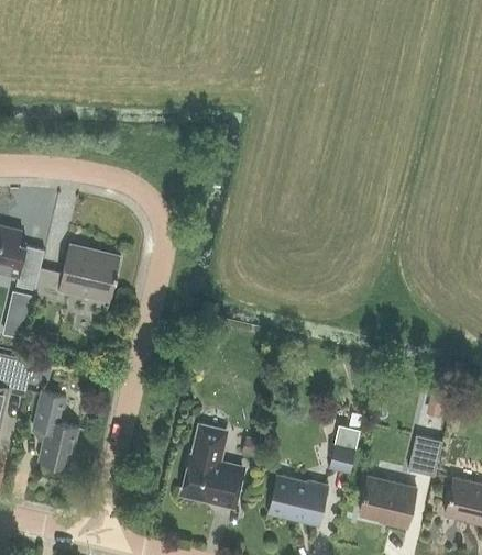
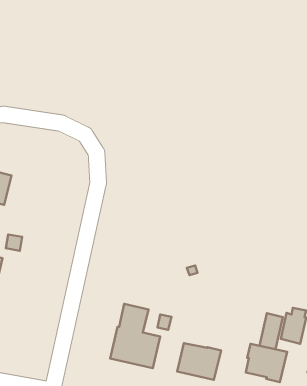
building: [34,243,120,313] -> none
building: [34,391,78,468] -> none
building: [327,425,359,474] -> [259,313,283,349]

